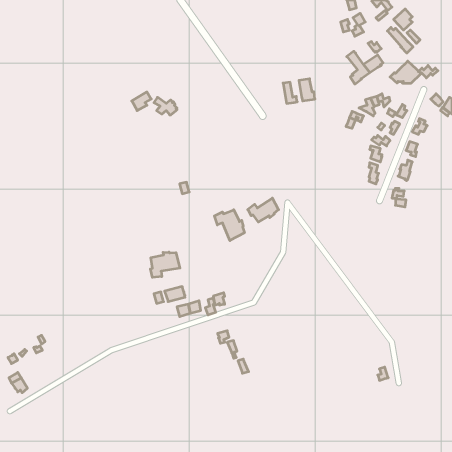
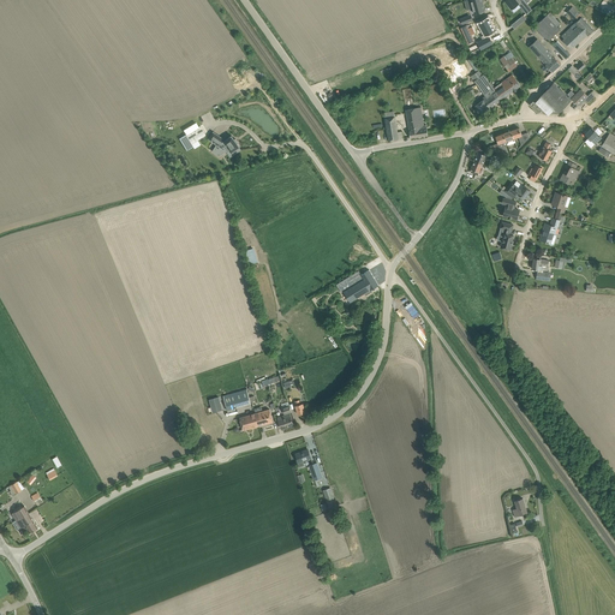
building: none -> [562,6,593,49]
building: [214,210,244,241] -> none
building: [150,252,180,277] -> none

